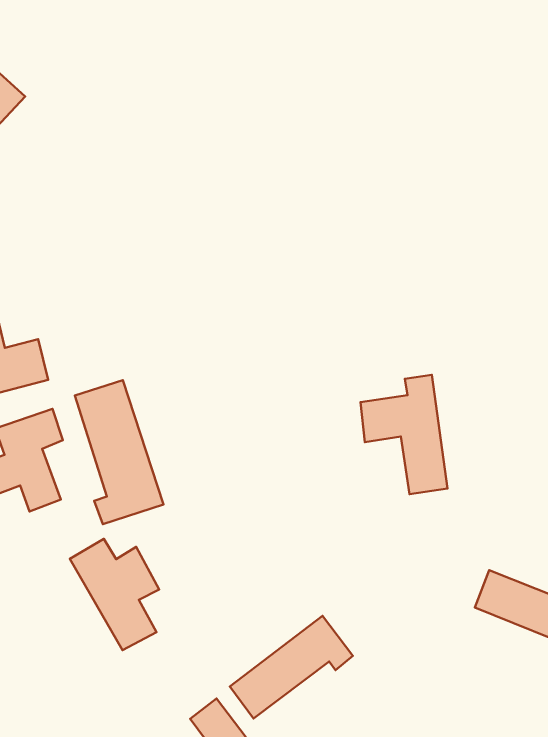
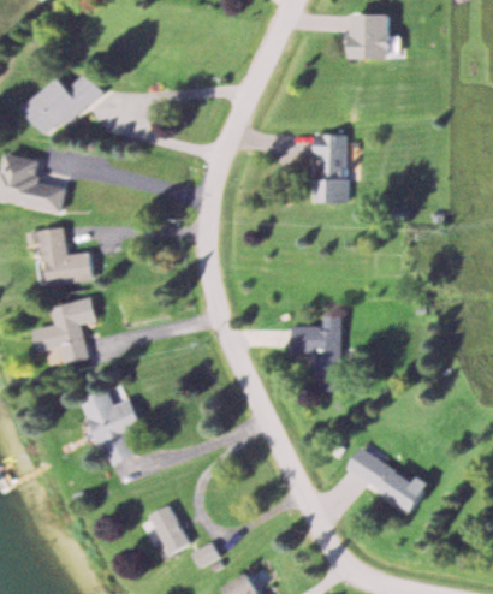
building: none -> [309,135,345,202]
building: [75,380,164,524] -> none
building: [230,616,353,718] -> none

